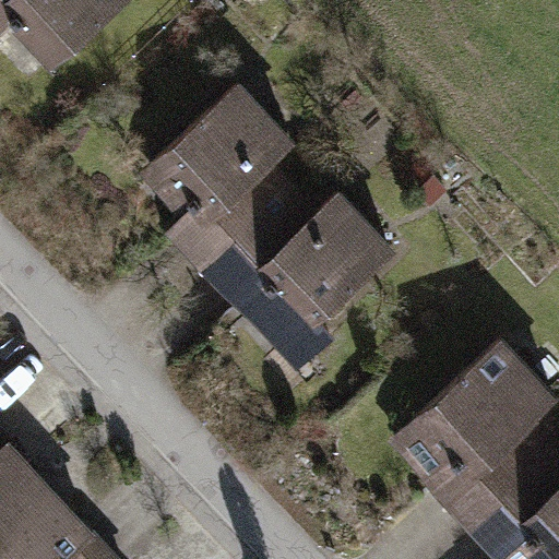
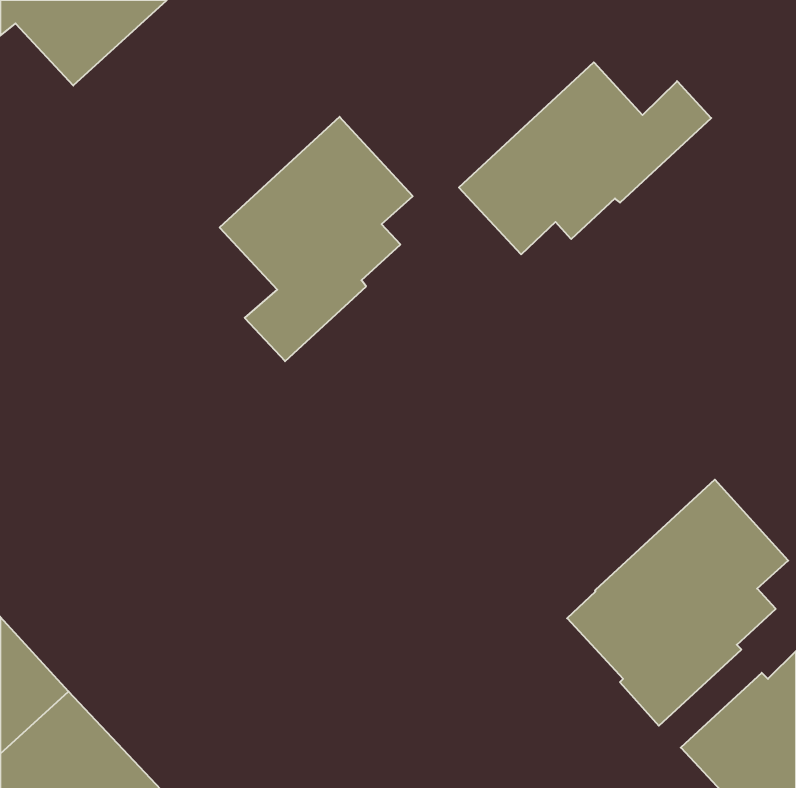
building: none -> [459,62,711,254]
building: [215,195,390,349] -> none

